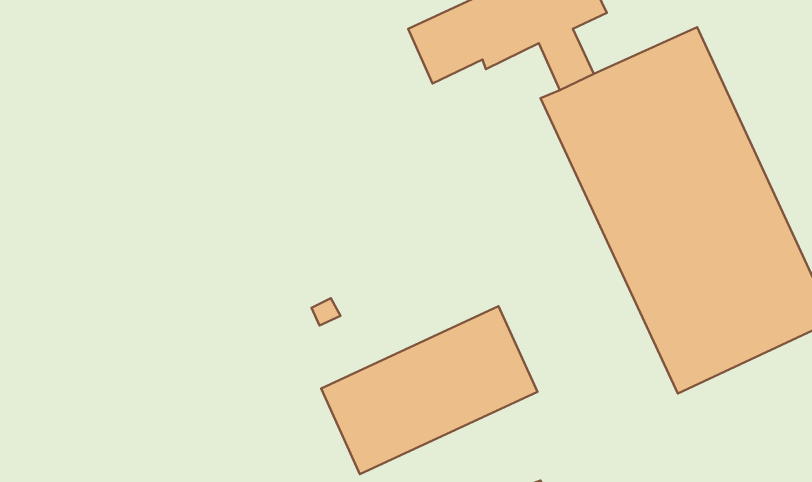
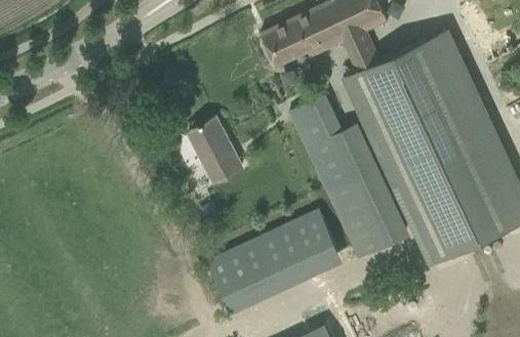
building: none -> [290,95,411,258]
building: none -> [188,120,242,183]

